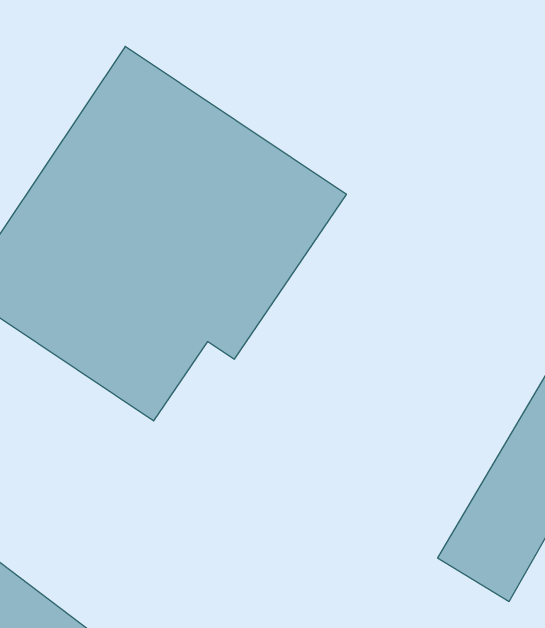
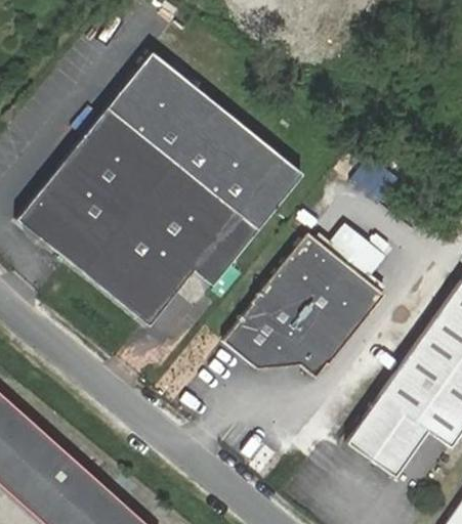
building: none -> [223,233,377,378]

